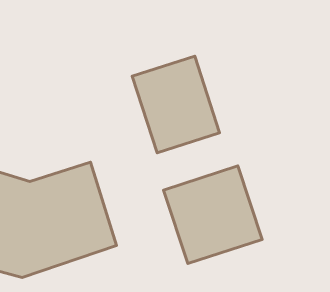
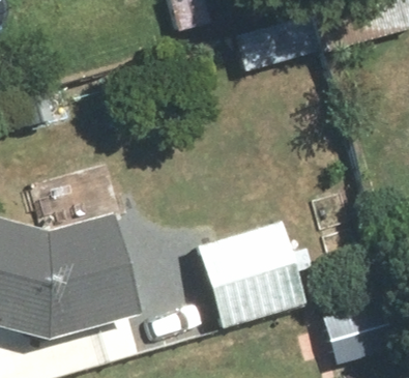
building: [132,56,220,153] -> none

